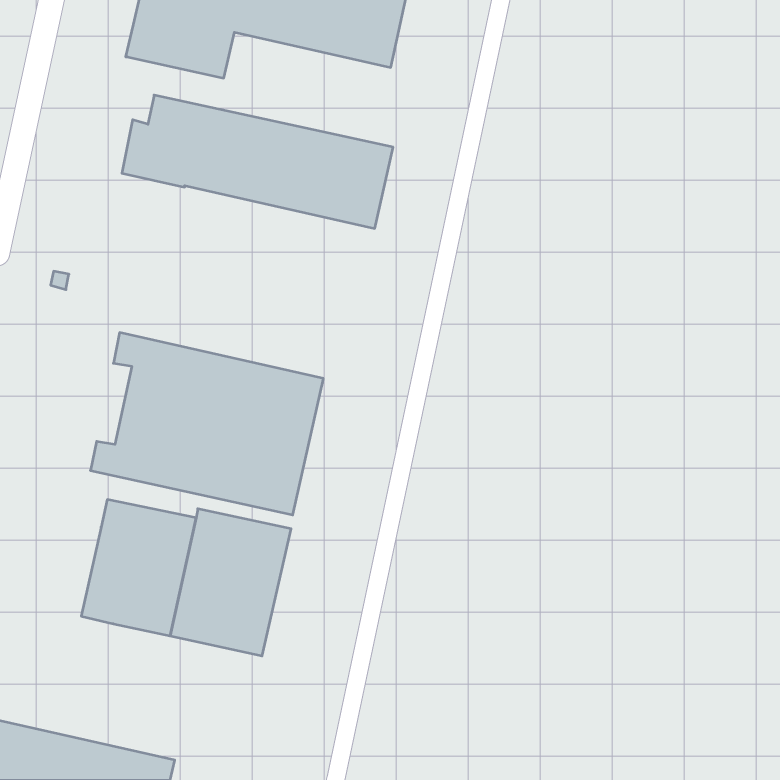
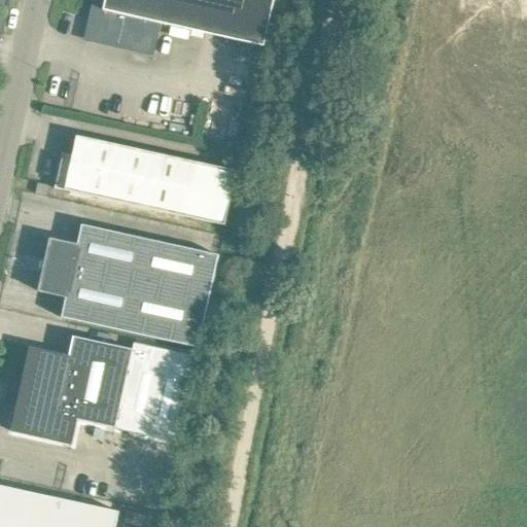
building: [122,95,393,228] -> [54,135,236,224]
building: none -> [38,238,89,298]
building: none -> [7,346,76,444]

